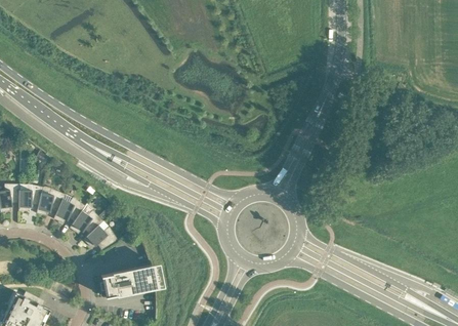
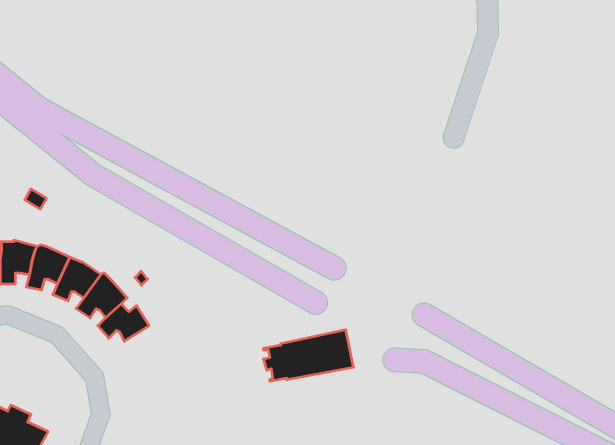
building: [98,263,158,297] -> [263,330,354,381]

